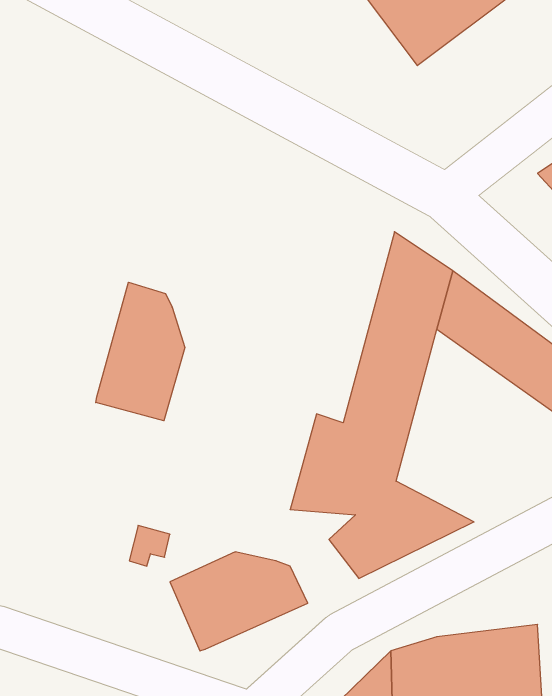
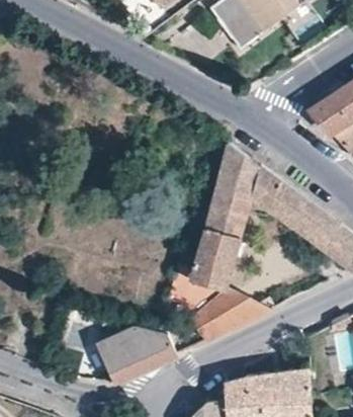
building: [96,282,185,421] -> none

